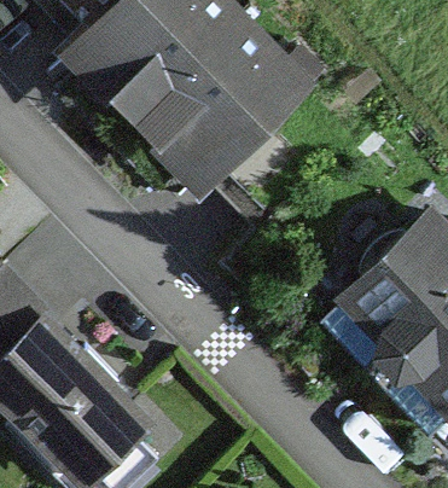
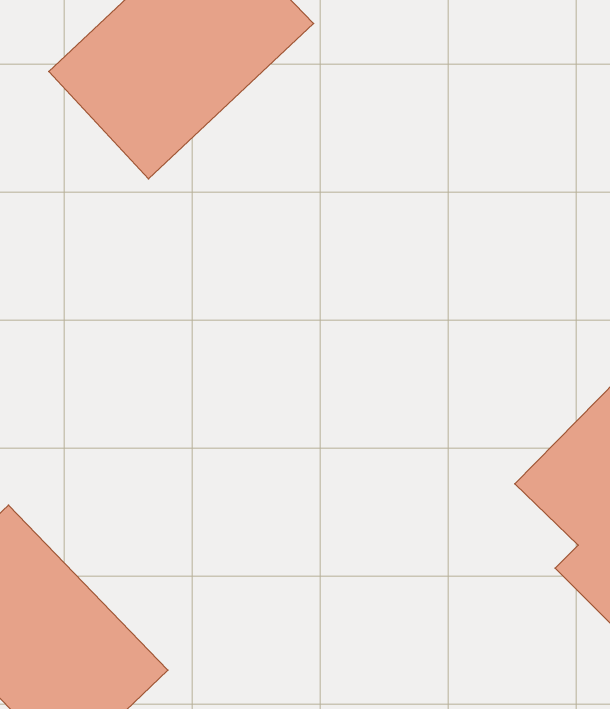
building: [132,22,298,186] -> none

